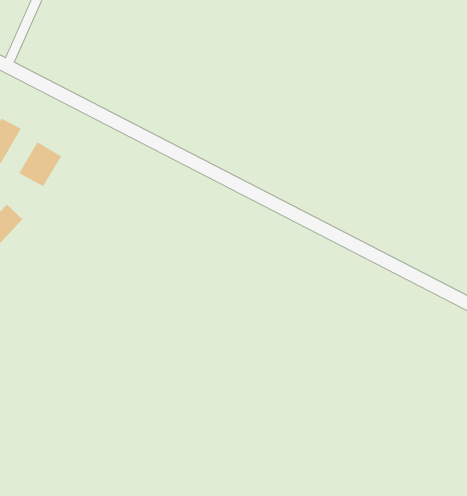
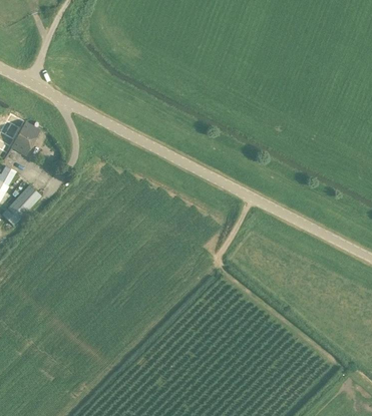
building: [18,141,62,187] -> none

